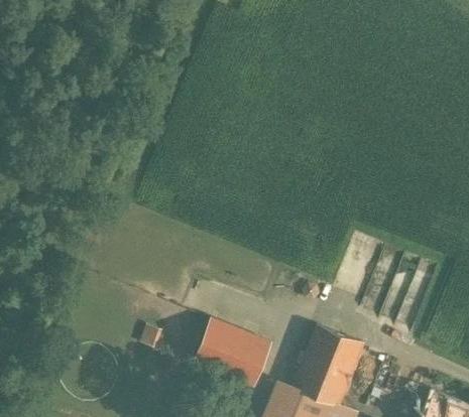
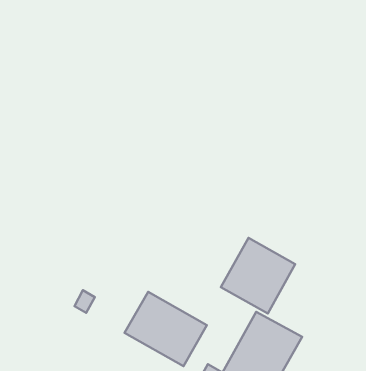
building: none -> [221,238,295,313]

